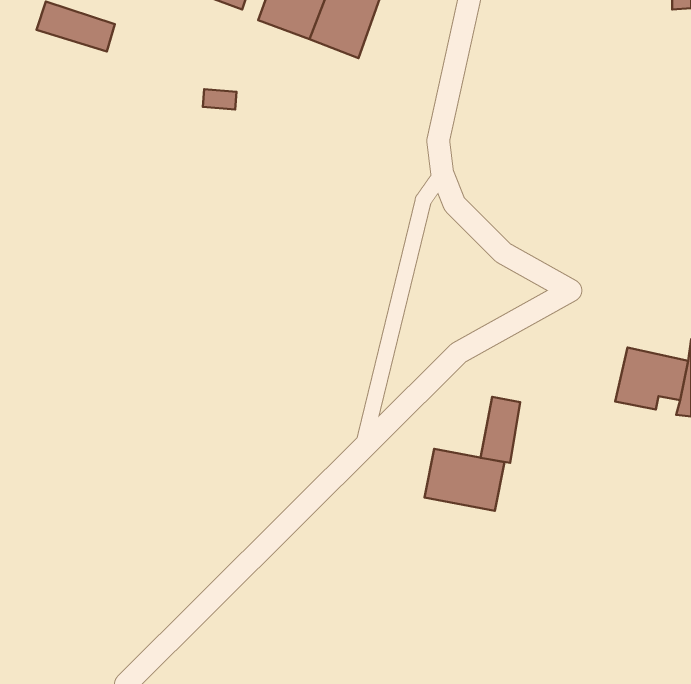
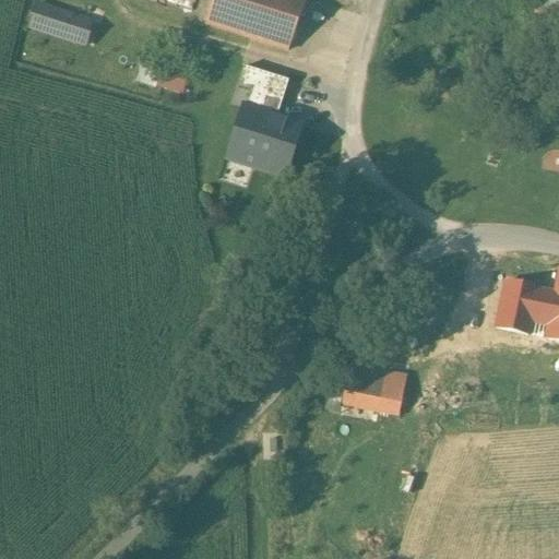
building: none -> [228,64,301,175]
building: [480,397,520,463] -> none

